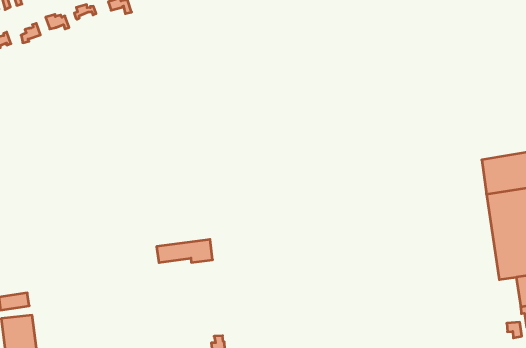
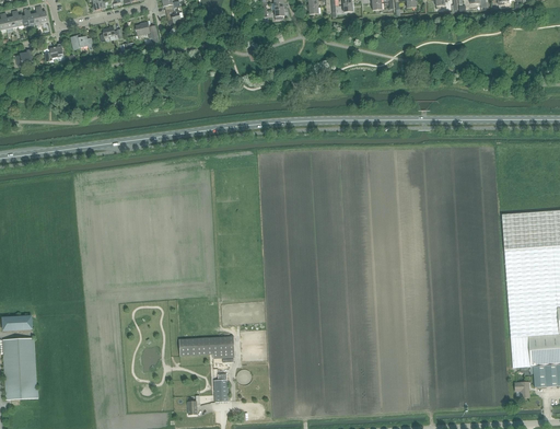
building: [157,239,213,263] -> [179,336,235,358]
building: none -> [511,336,530,368]

